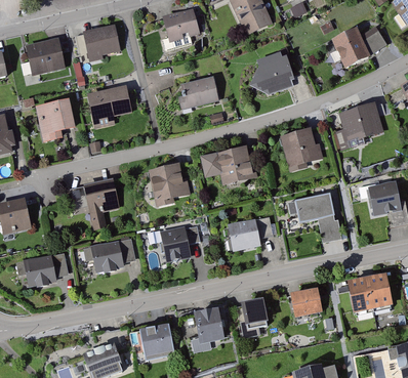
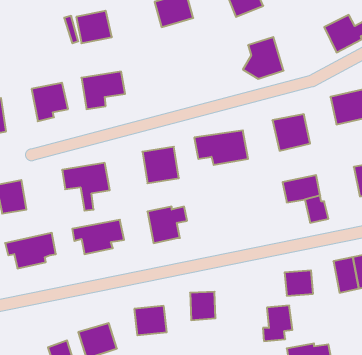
building: [27,39,65,74] -> none
building: [181,79,216,108] -> none
building: [222,215,267,250] -> none
building: [240,298,270,334] -> [263,306,292,341]

